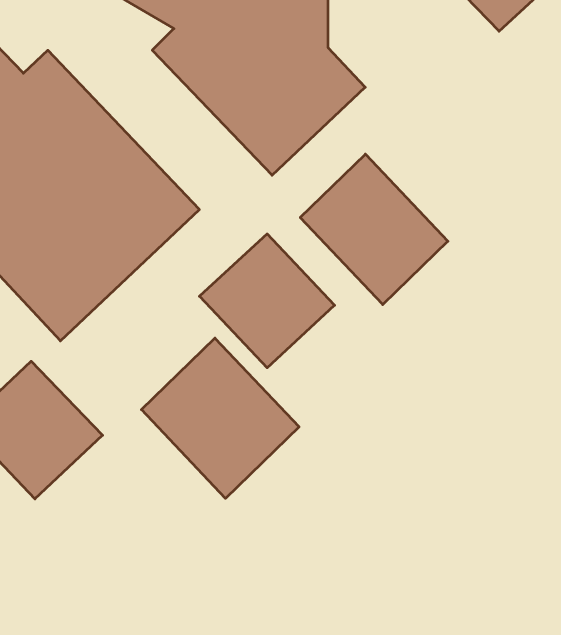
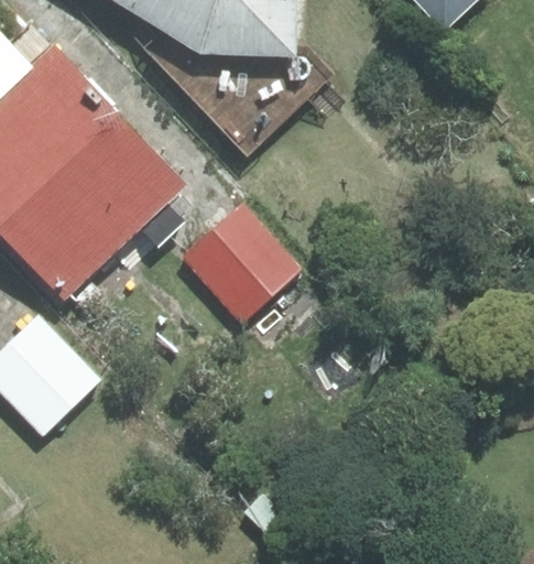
building: [300,154,448,305] -> none
building: [141,338,299,498] -> none

